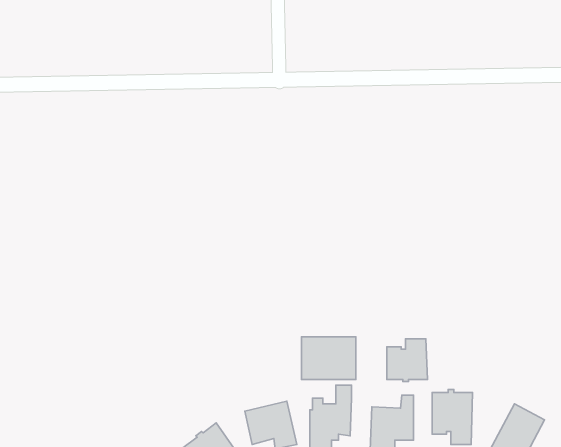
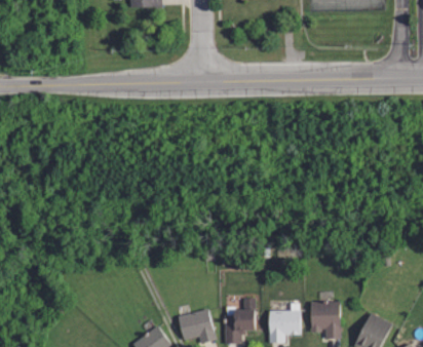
building: [301,337,356,379] -> none
building: [387,339,427,382] -> none

